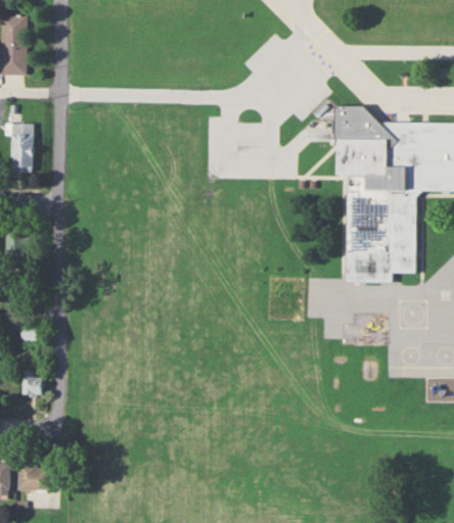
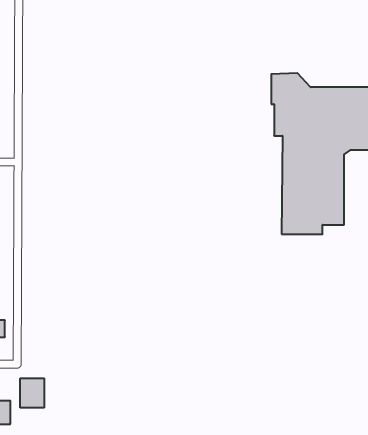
building: none -> [20,378,44,408]

